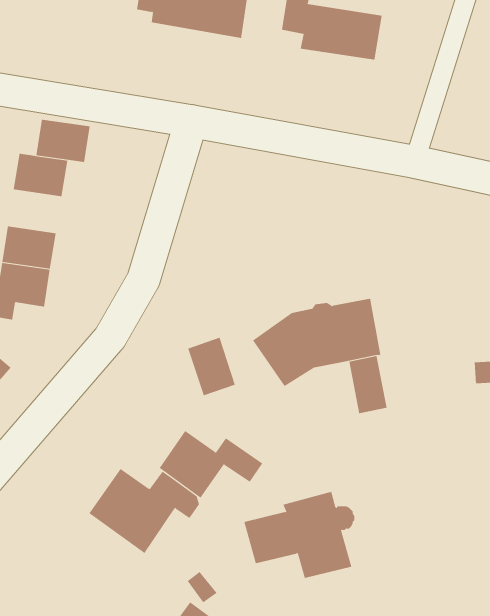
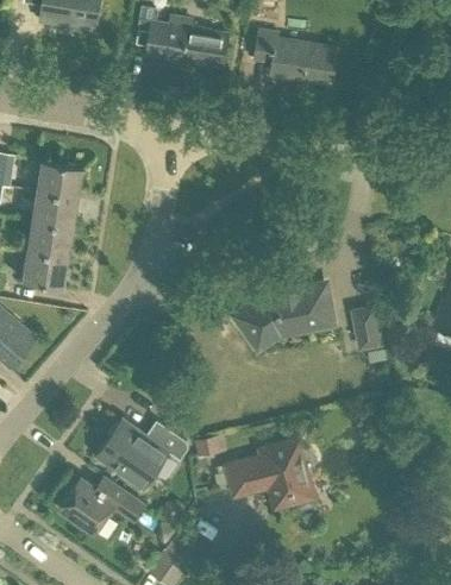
building: [36,119,91,163] -> [30,190,75,226]
building: [188,337,236,396] -> none
building: [348,356,387,414] -> [351,303,383,351]
building: [159,430,263,498] -> [59,478,145,534]

